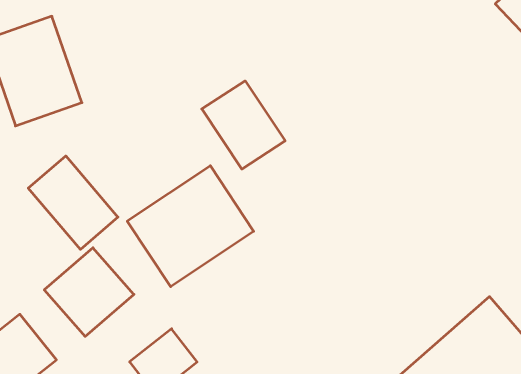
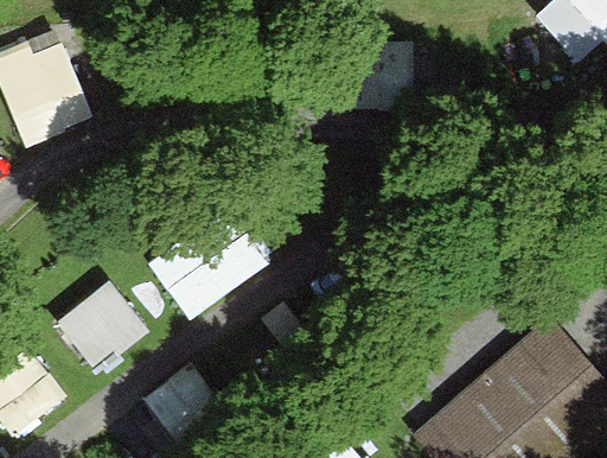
building: [202,81,285,169] -> none
building: [28,156,118,249] -> none

